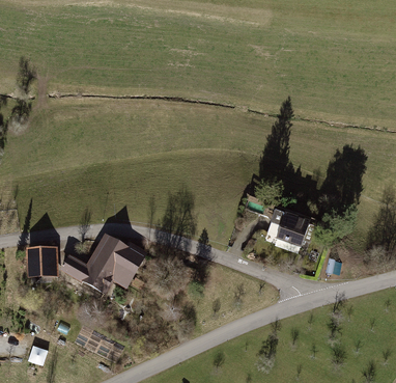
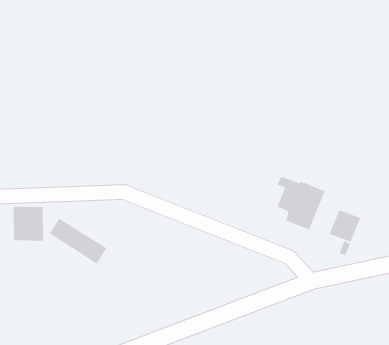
building: none -> [329,209,361,242]
building: [86,234,147,286] -> none

